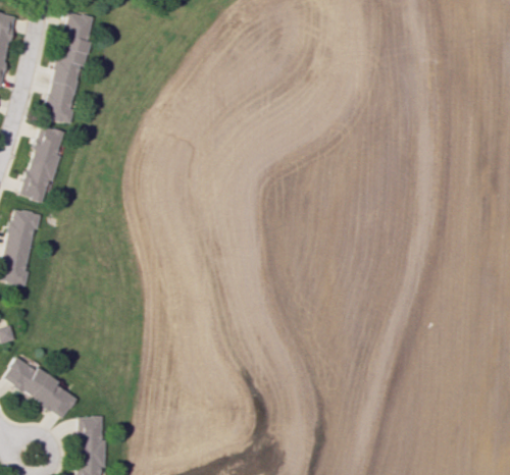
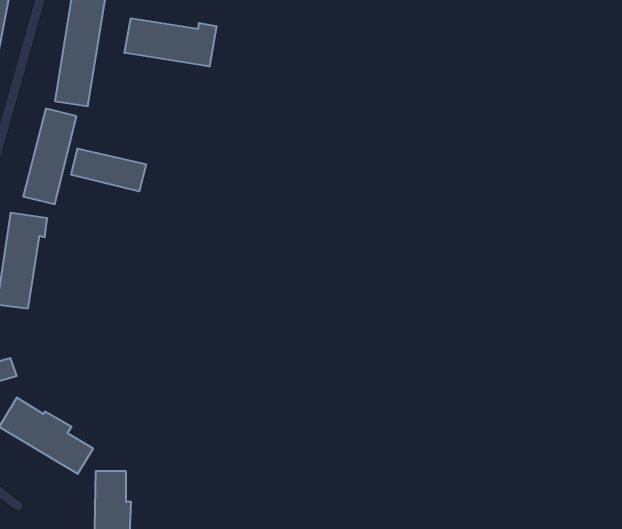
building: none -> [124,18,216,67]
building: none -> [71,148,146,191]

